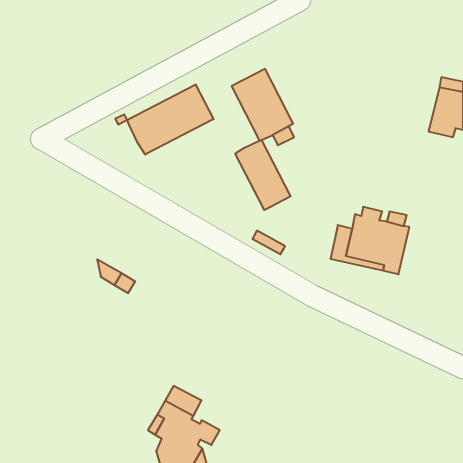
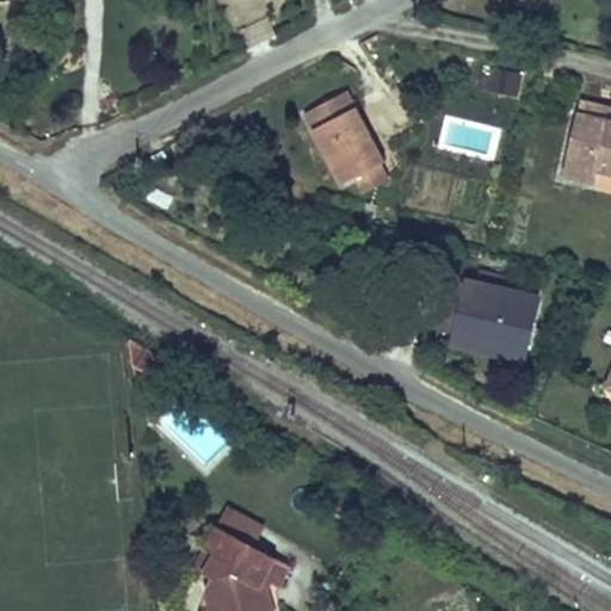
building: [127,84,214,155] -> none
building: [235,140,291,210] -> none

